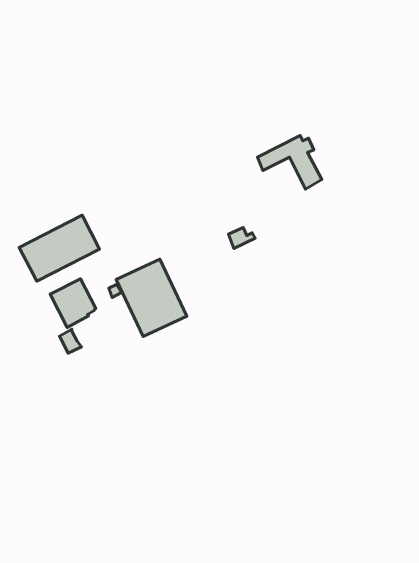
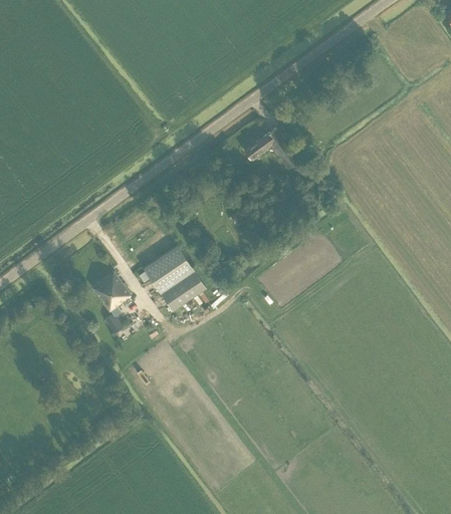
building: [19,215,100,281] -> none

